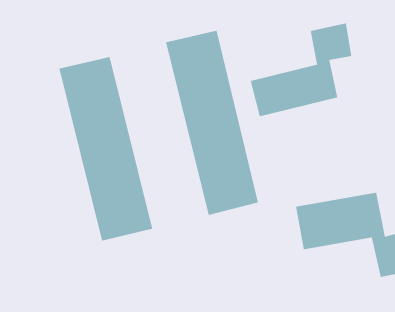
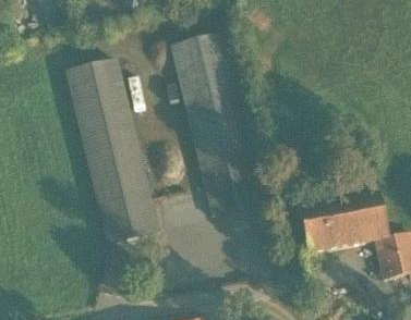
building: [250,22,352,117] -> none

